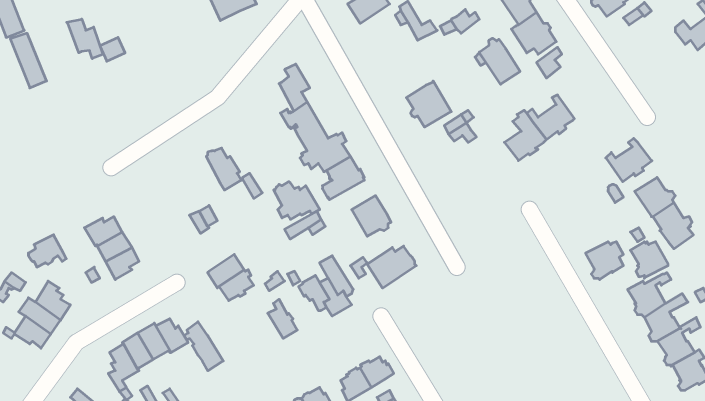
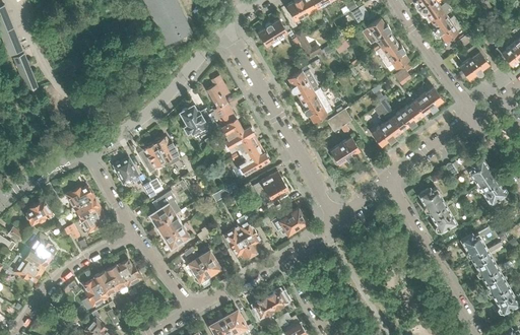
building: none -> [459,43,489,79]
building: [67,19,103,59] -> none
building: [479,38,520,84] -> none
building: none -> [287,70,319,100]
building: [606,138,652,182] -> [409,84,443,116]
building: none -> [329,137,360,164]
building: none -> [139,143,165,173]
building: none -> [114,158,141,186]
building: [274,182,320,219] -> [181,107,214,134]
building: none -> [150,191,181,226]
building: [630,242,668,278] -> [418,188,446,214]
building: [184,322,223,371] -> [182,247,210,282]

